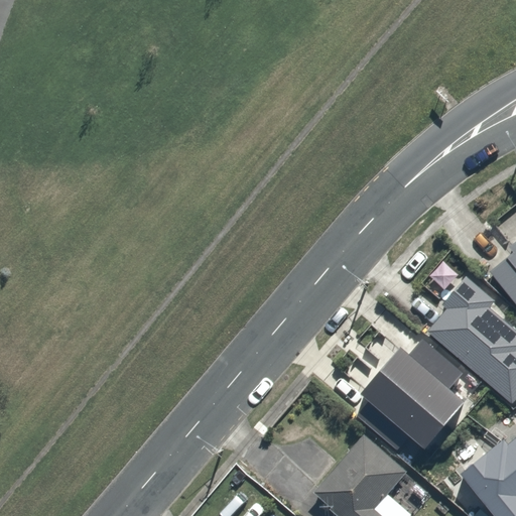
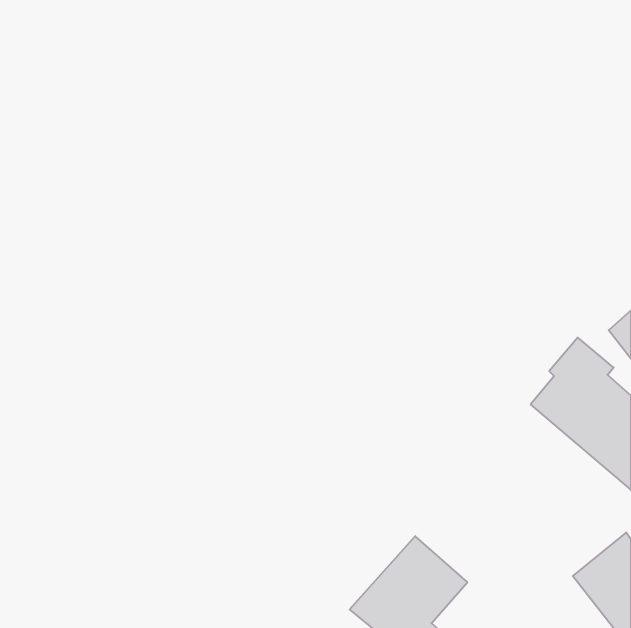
building: [360,340,471,454] -> none

